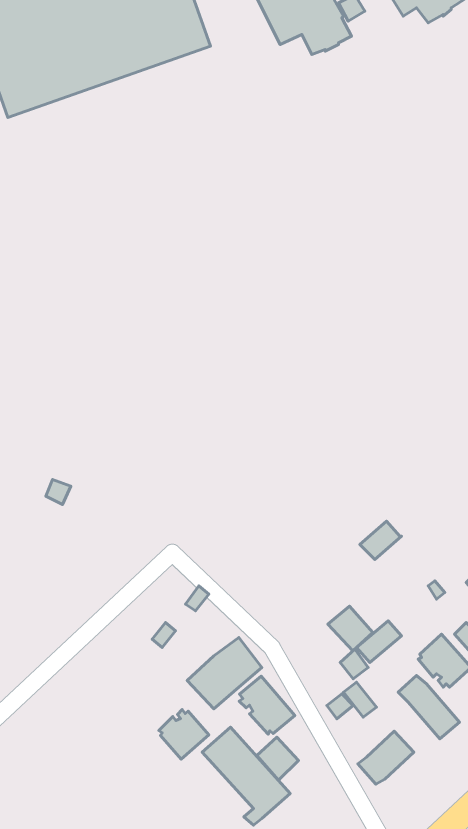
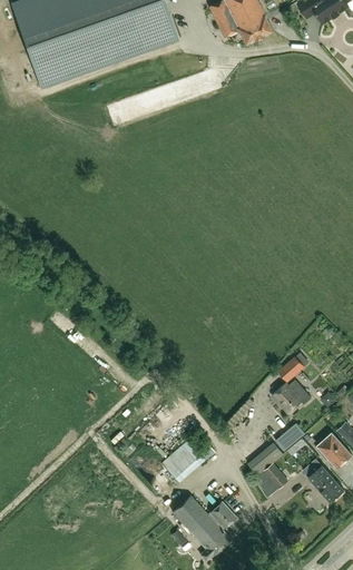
building: [328,606,373,651] -> [272,383,302,413]
building: [239,676,295,734] -> none
building: [159,710,209,759] -> none
building: [358,731,414,784] -> none

